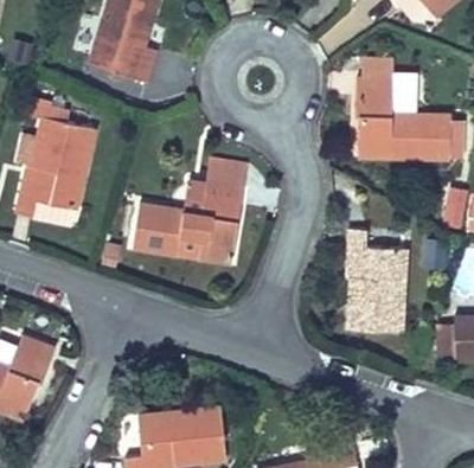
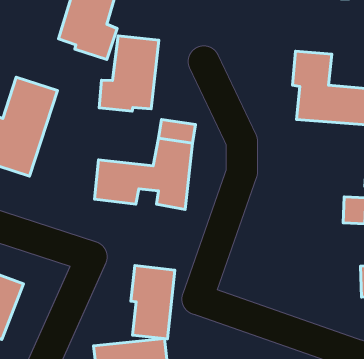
building: none -> [99,36,159,111]
building: [346,223,410,331] -> none
building: none -> [131,266,175,339]

